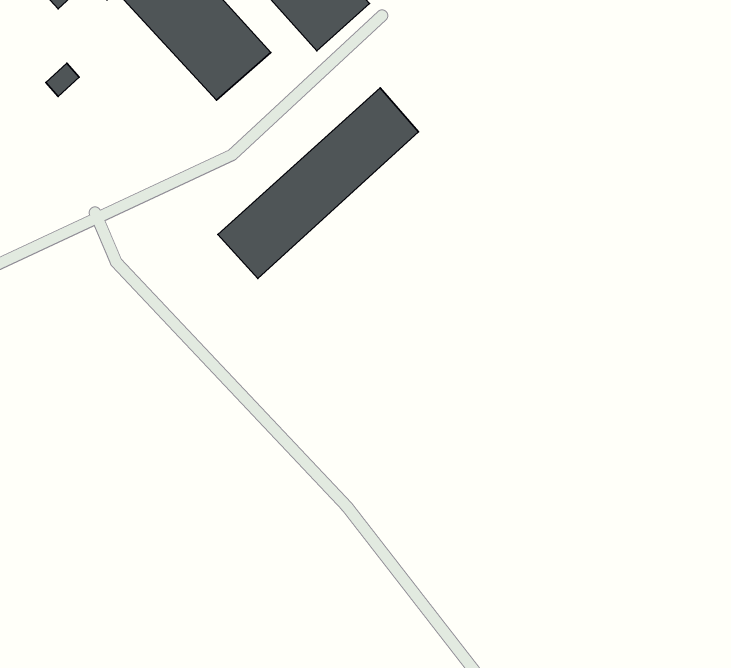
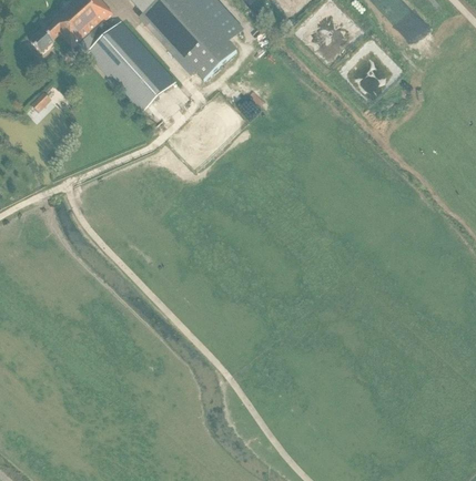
building: [218,88,418,279] -> none

